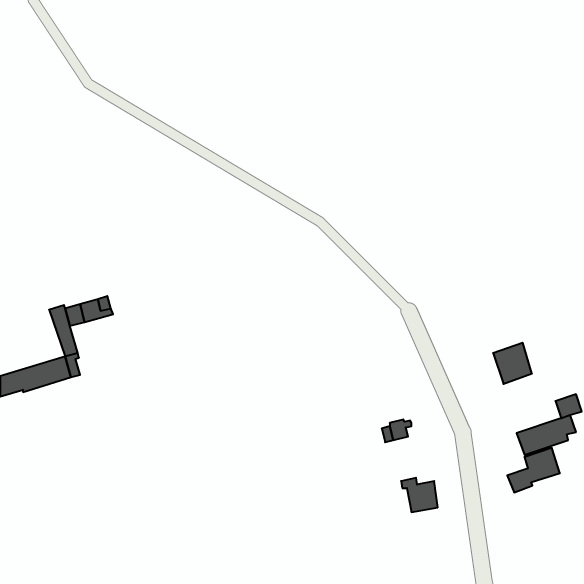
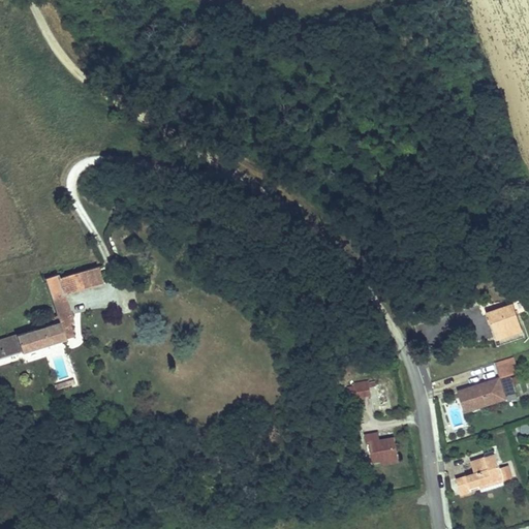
building: [493,343,532,384] -> [484,307,519,344]
building: [507,448,560,492] -> [465,448,512,489]

